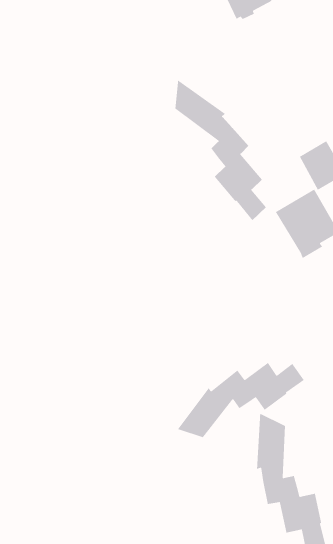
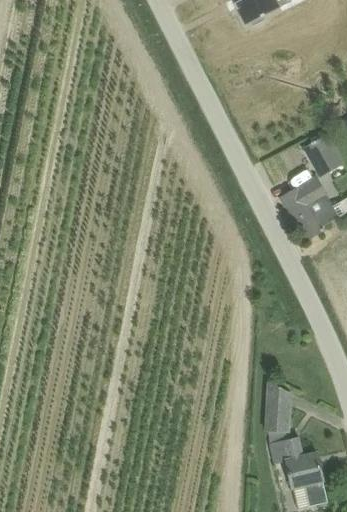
building: [174,79,267,221] -> none
building: [177,362,305,438] -> none

